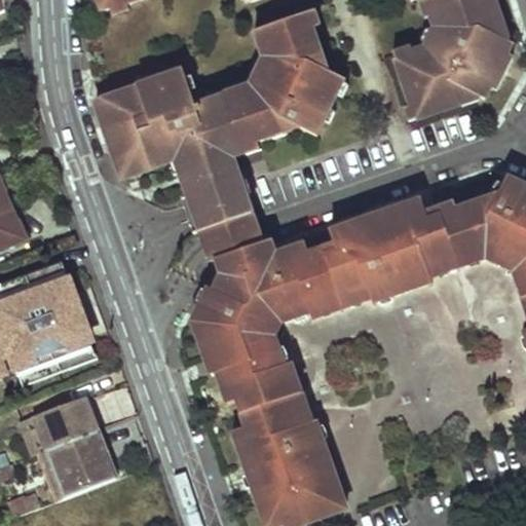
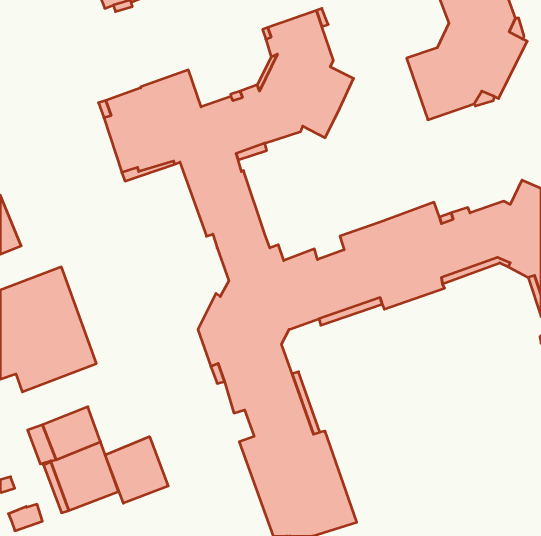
building: none -> [105,437,168,503]

